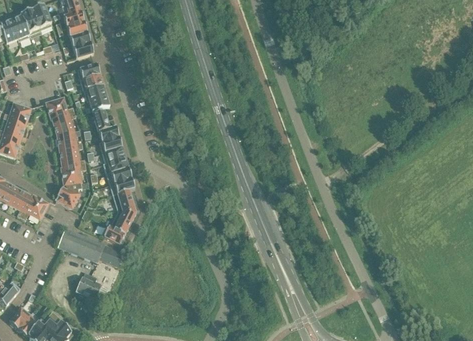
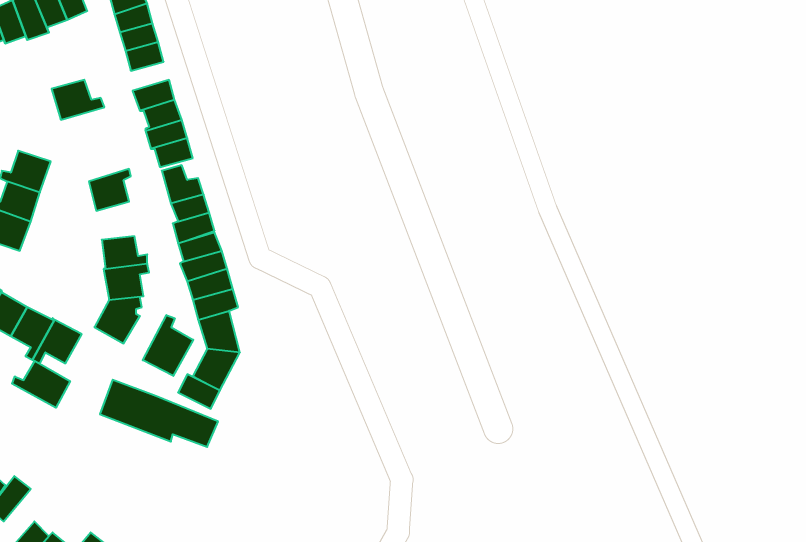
building: [45,97,74,119] -> [52,80,104,120]
building: [56,130,82,151] -> none
building: none -> [143,315,193,376]
building: none -> [12,361,70,408]
building: [76,272,101,299] -> none

